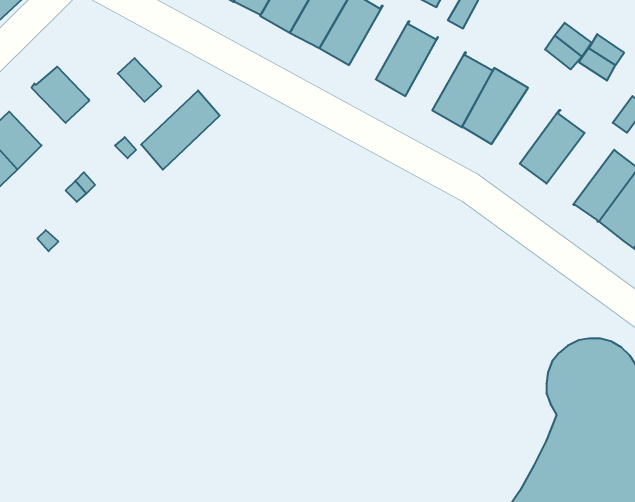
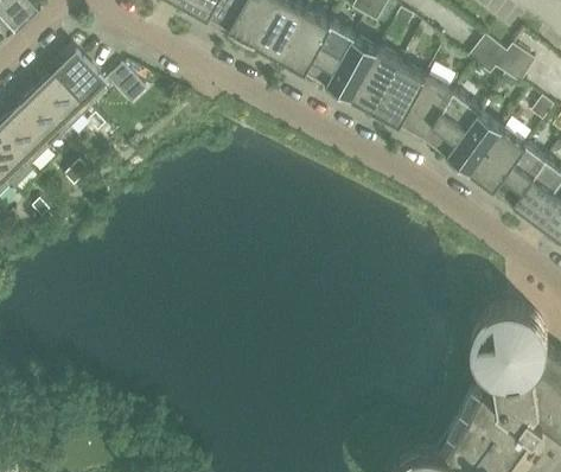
building: none -> [302,23,352,84]
building: none -> [350,49,400,110]
building: none -> [57,55,103,101]
building: none -> [17,91,64,140]
building: none -> [422,91,479,155]
building: [141,90,220,170] -> none
building: none -> [468,129,525,190]

